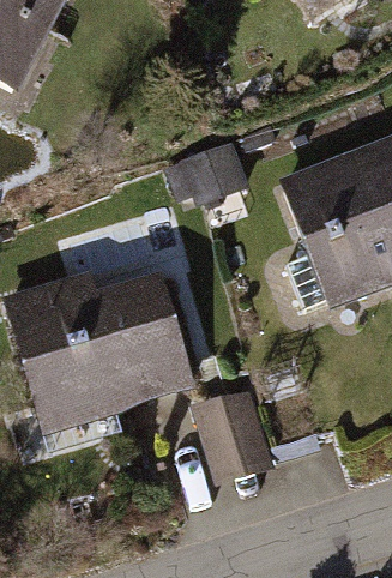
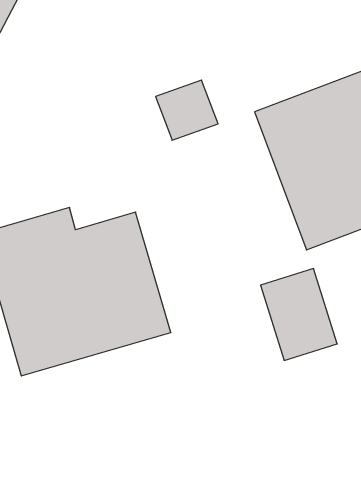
building: [193,389,271,482] -> [261,269,337,360]

